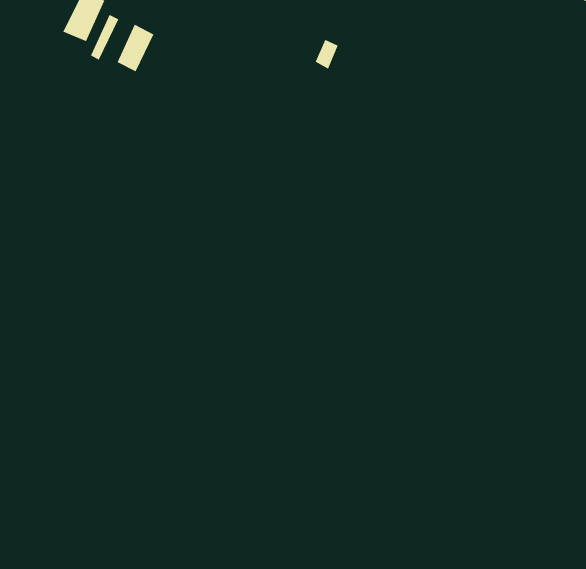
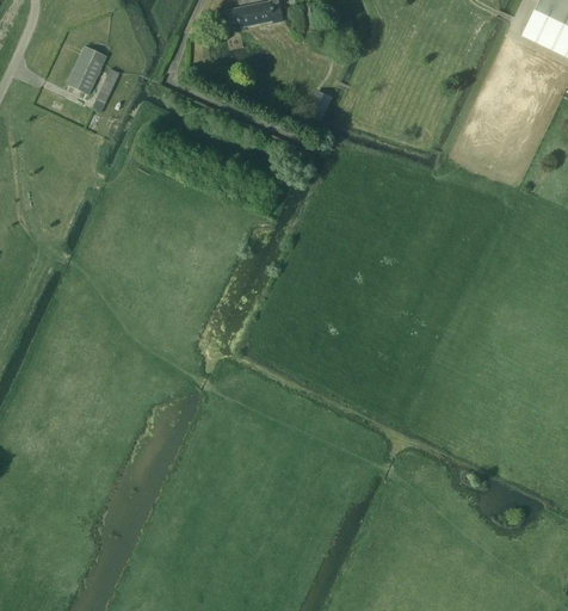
building: [117,24,154,72] -> none

